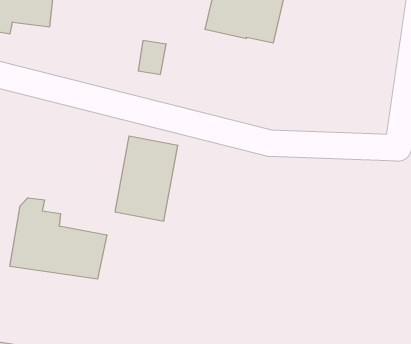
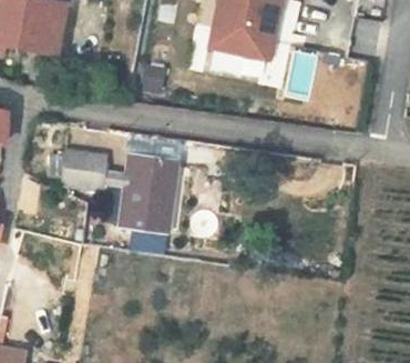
building: none -> [64,147,109,188]
building: [10,198,107,279] -> none

